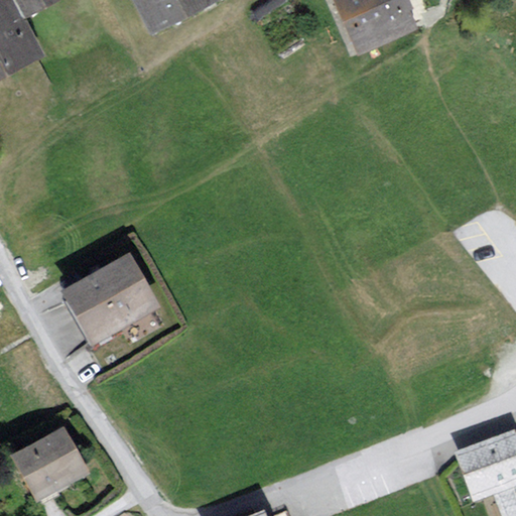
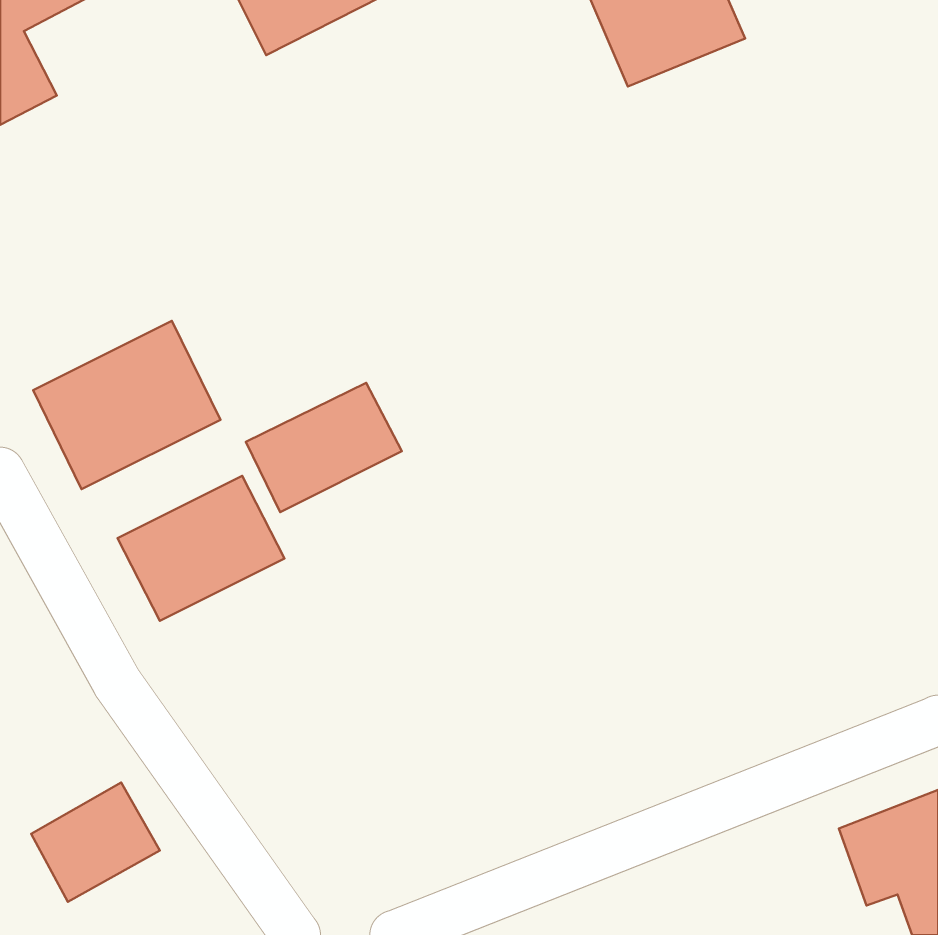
building: none -> [33,321,220,489]
building: none -> [246,383,402,512]

